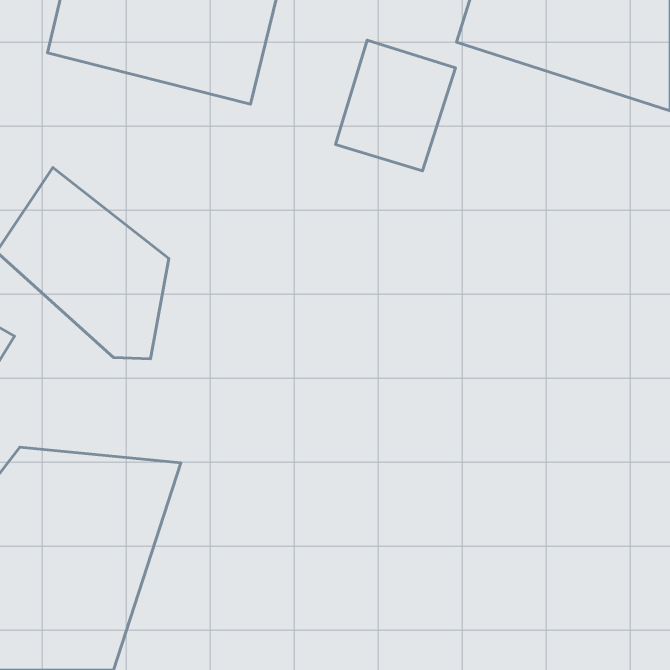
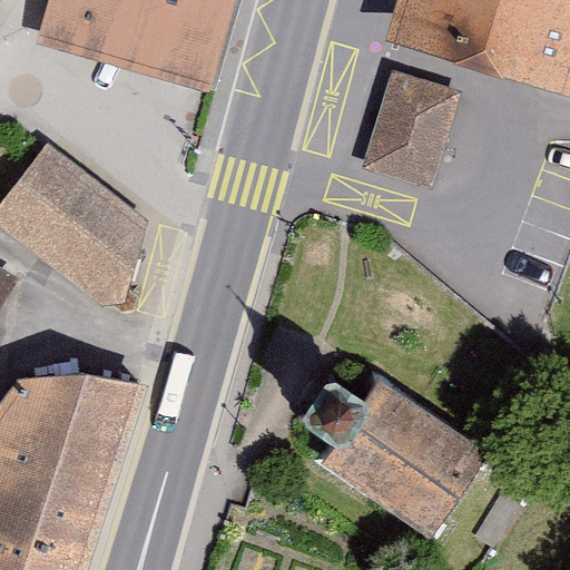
building: [335,40,455,171] -> [362,68,463,178]
building: none -> [296,376,481,534]

